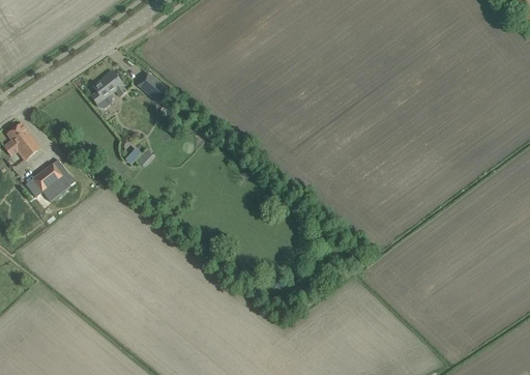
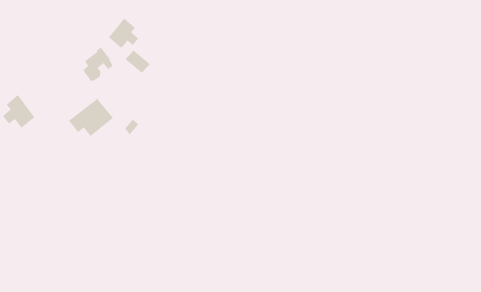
building: none -> [108,18,139,49]
building: [26,158,76,201] -> [69,98,114,137]

